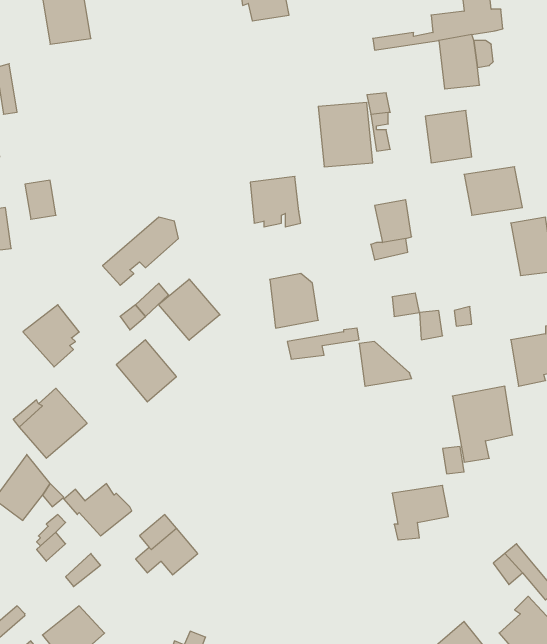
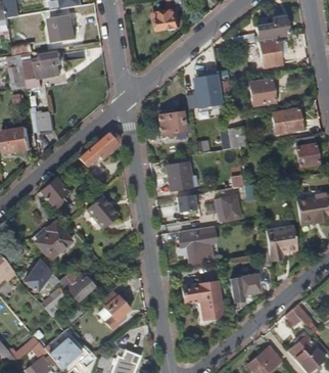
building: none -> [37,48,60,77]
building: [158,279,220,340] -> none
building: none -> [177,226,215,265]
building: none -> [180,280,222,319]

